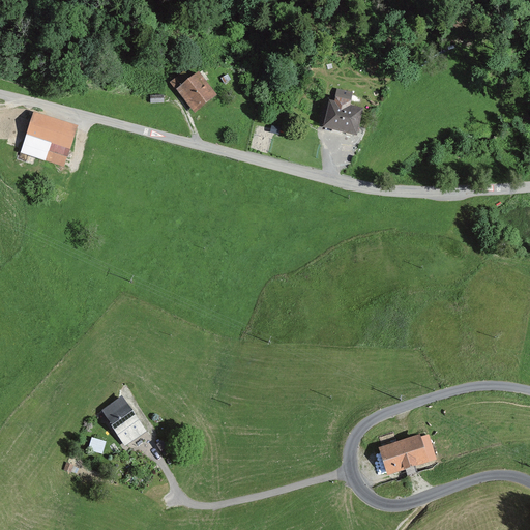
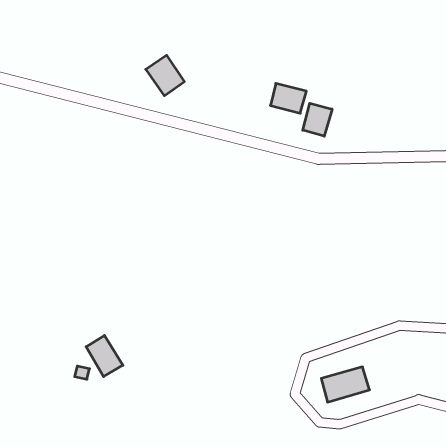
building: [22,112,78,167] -> none
building: none -> [303,103,332,136]

